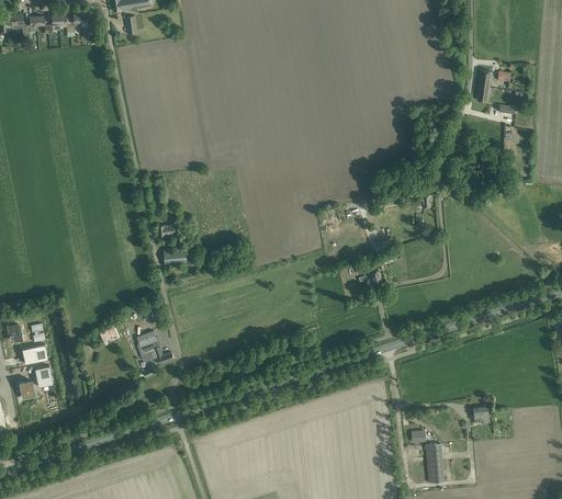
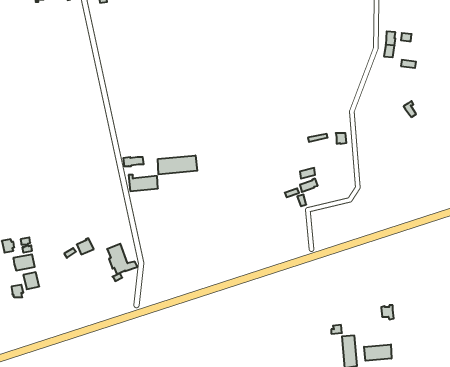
building: none -> [158,155,197,174]
building: none -> [364,344,391,361]

